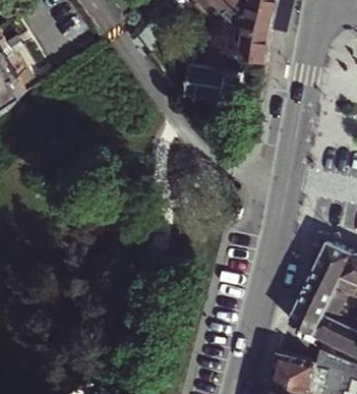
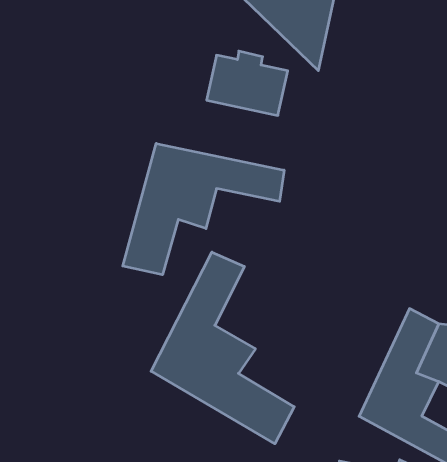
building: none -> [123,143,284,275]
building: none -> [151,252,294,444]

